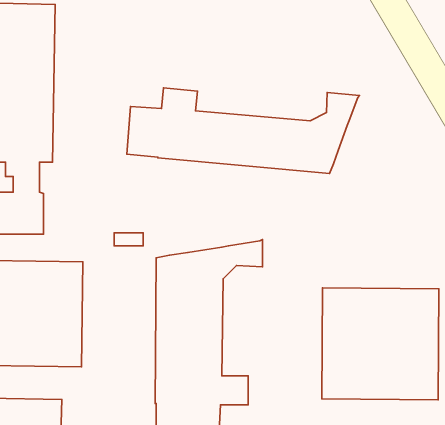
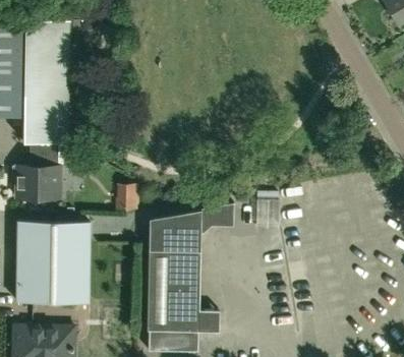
building: [127,88,359,173] -> none
building: [322,288,439,400] -> none

